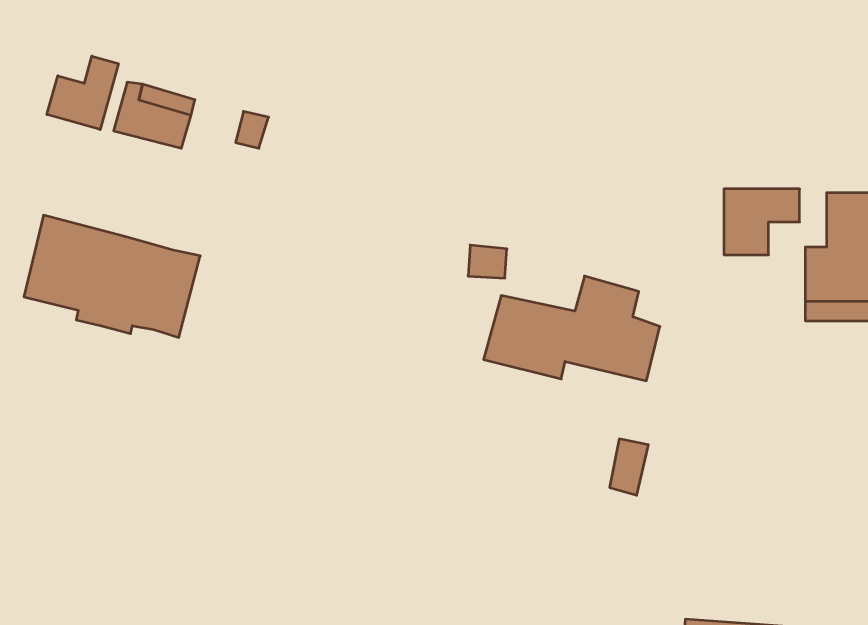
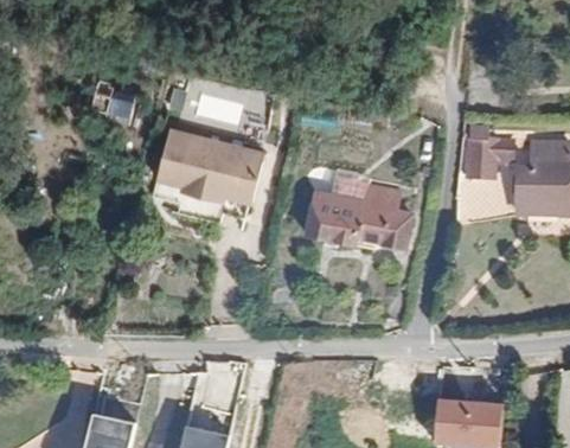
building: [47,56,118,130] -> none
building: [24,215,200,337] -> [155,124,263,199]

